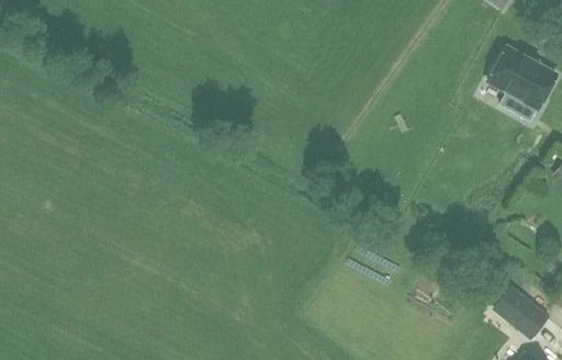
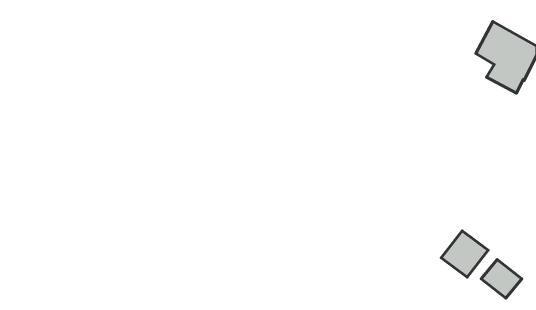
building: none -> [441,231,488,277]

